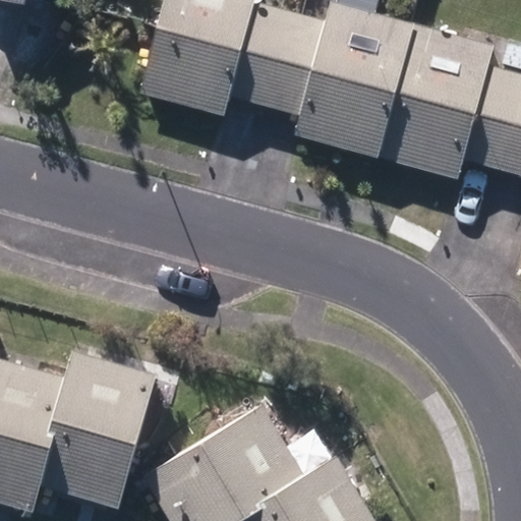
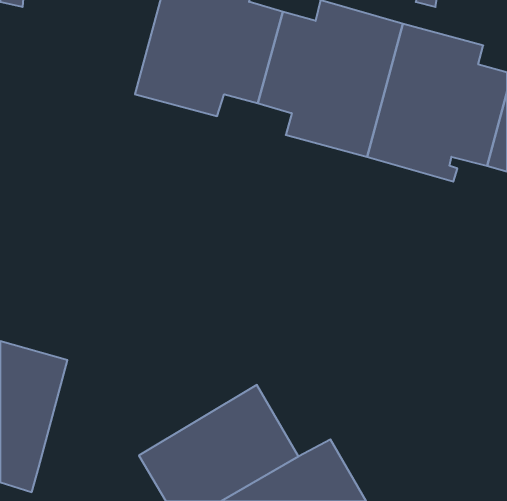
building: [40,344,155,500] -> none

